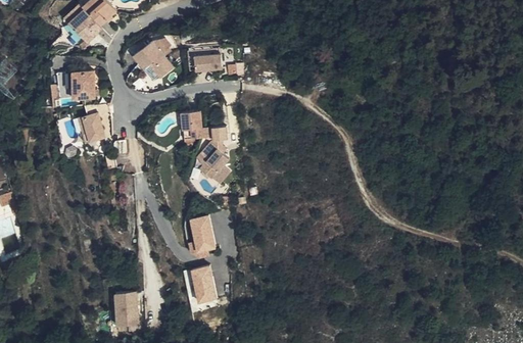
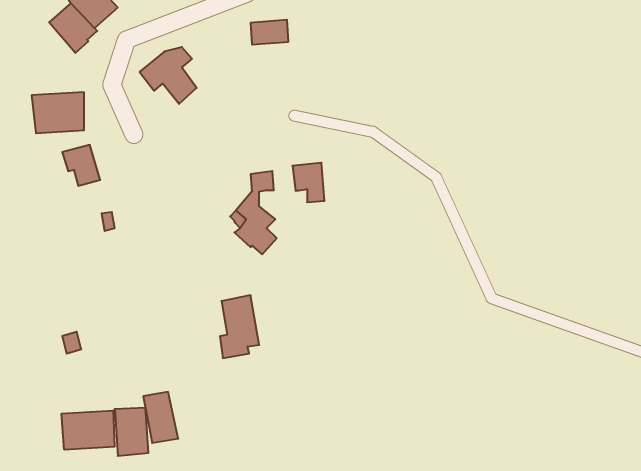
building: [195,54,222,71] -> [251,20,288,45]
building: [180,111,202,139] -> [292,163,325,202]
building: [193,265,218,301] -> [143,392,178,443]
building: none -> [62,410,114,450]

